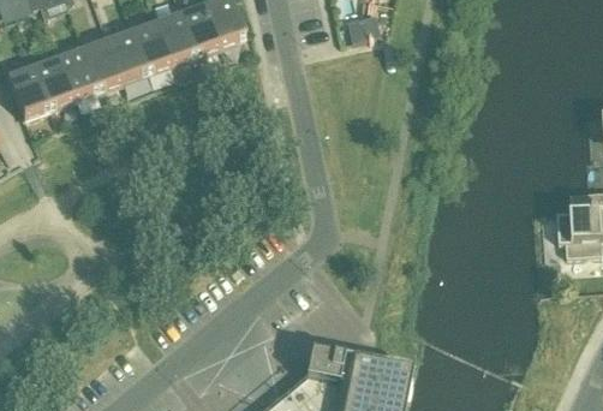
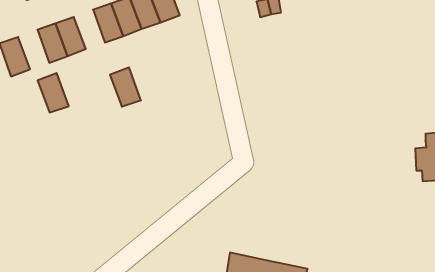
building: [107,31,148,83] -> [110,67,141,107]
building: [34,58,74,109] -> [38,73,69,112]

